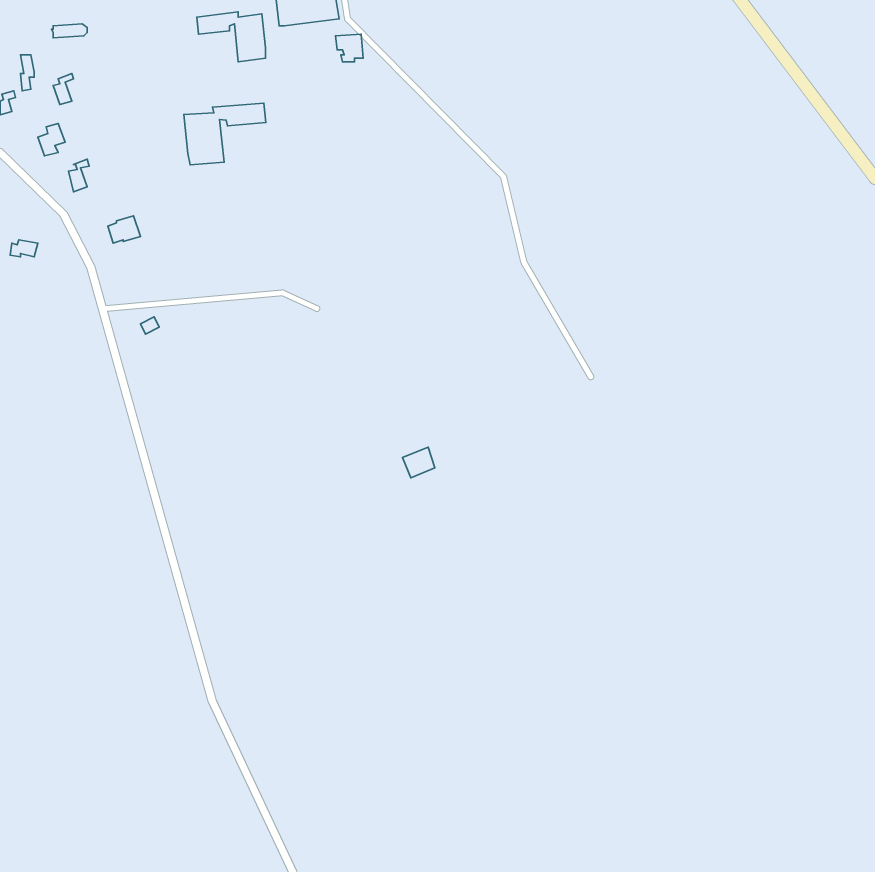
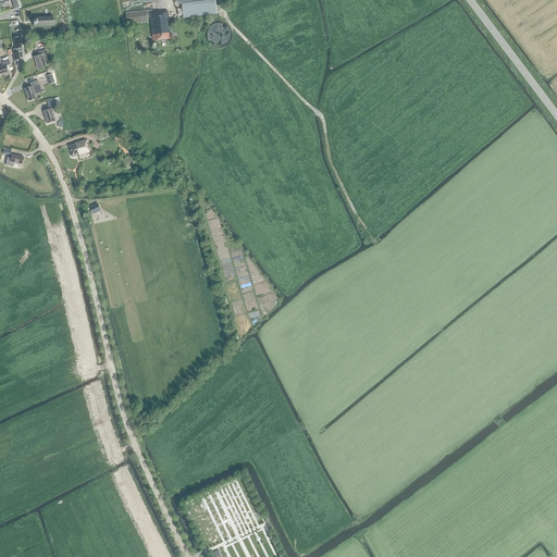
building: [184,103,266,165] -> none

